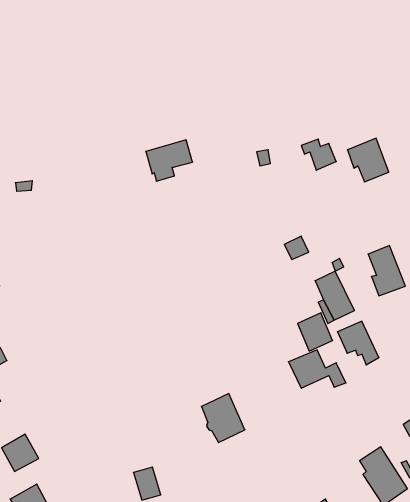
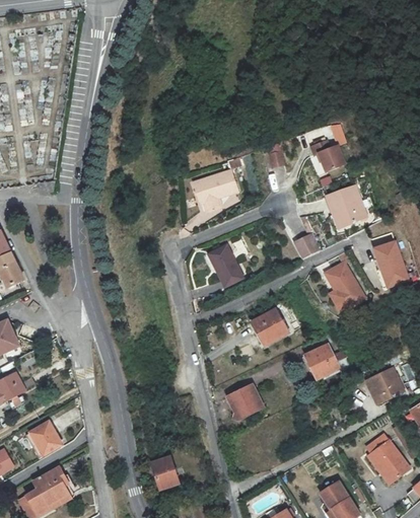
building: [347,138,389,182] -> [327,183,366,225]
building: [146,140,193,181] -> [193,170,237,210]
building: none -> [213,240,244,281]
building: [298,313,333,351] -> [251,307,284,344]
building: [337,321,379,365] -> [368,365,408,406]

